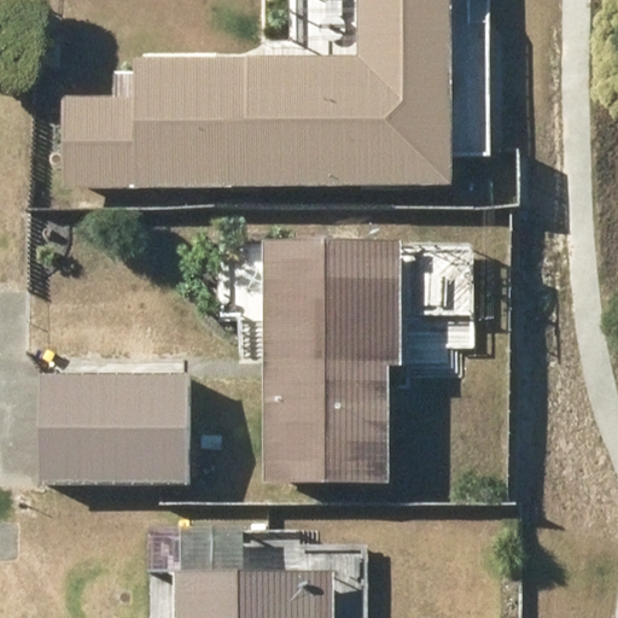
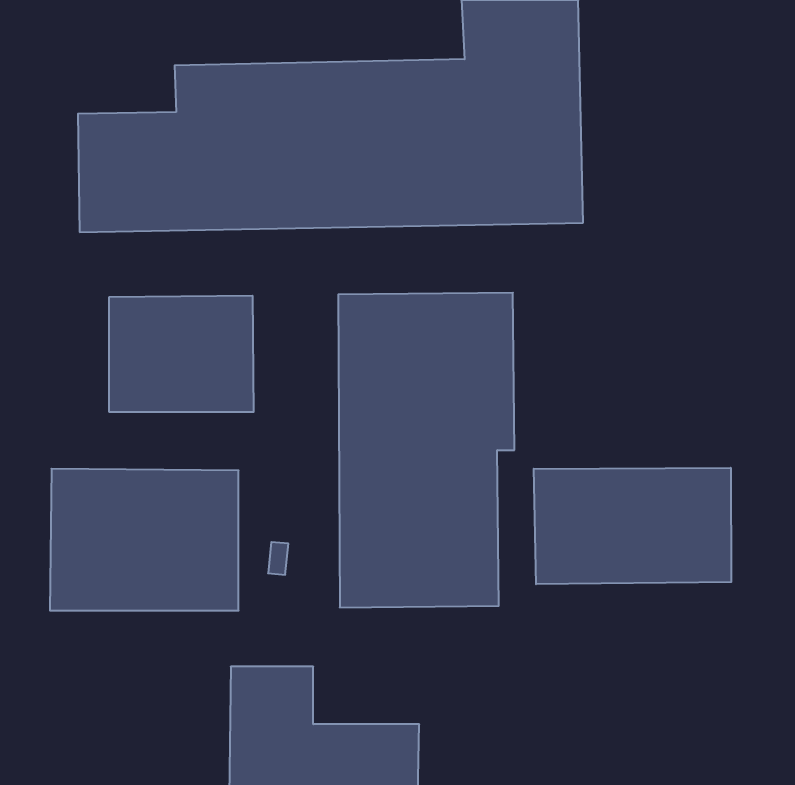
building: none -> [109,296,254,412]
building: none -> [534,468,731,584]

